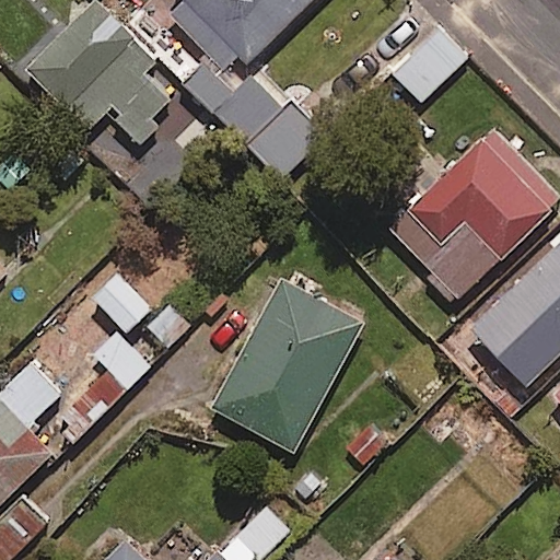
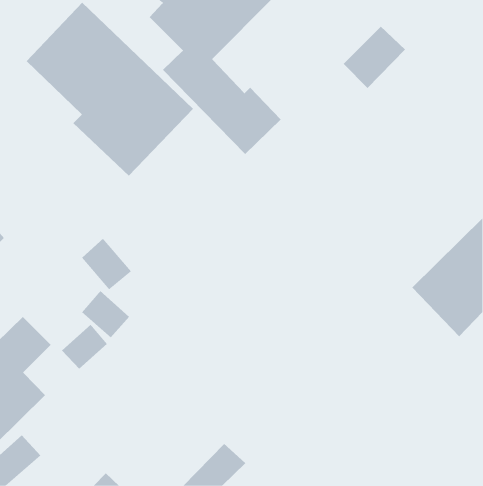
building: [389,141,549,299] -> none
building: [212,281,362,452] -> none

